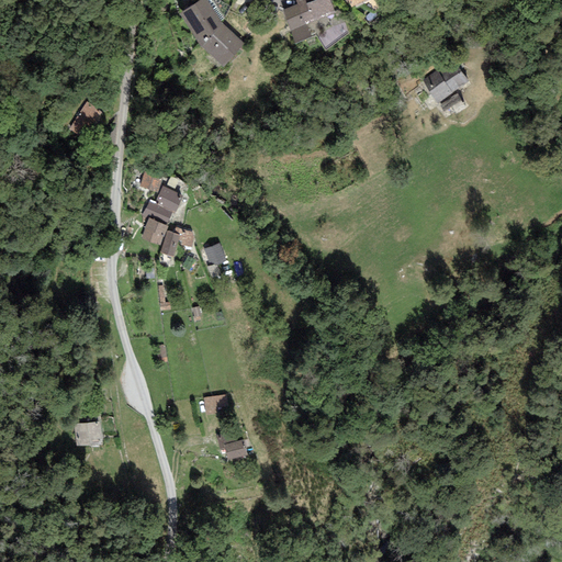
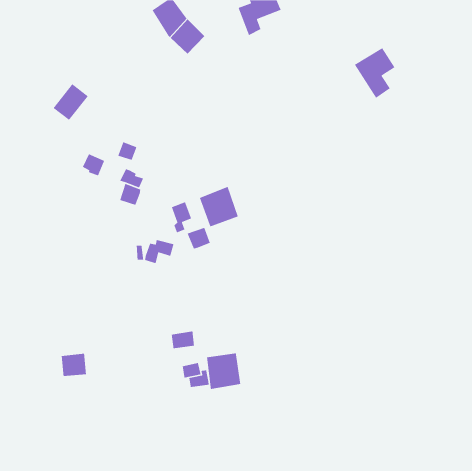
building: [155,186,182,213] -> [82,153,105,176]
building: none -> [199,186,239,227]
building: [160,226,196,256] -> [144,239,175,264]
building: none -> [187,227,211,249]
building: none -> [206,352,241,390]

